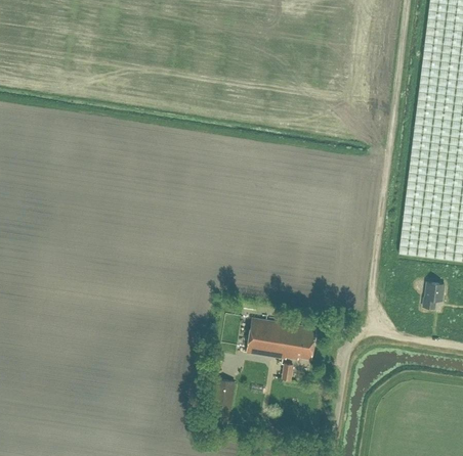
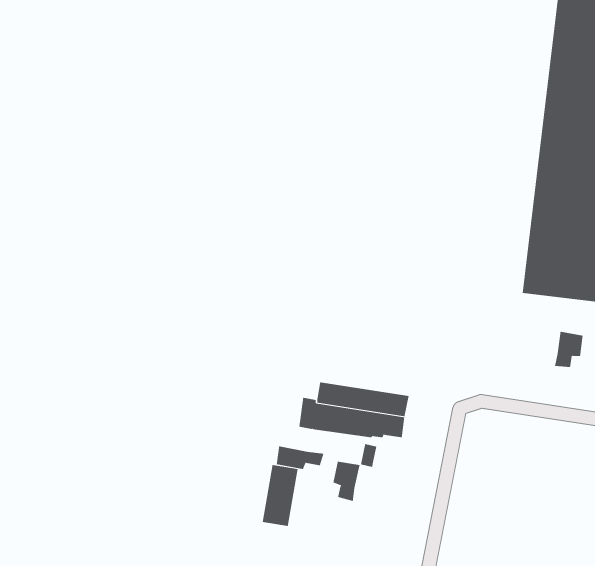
building: none -> [276,446,324,470]
building: none -> [333,461,360,502]

